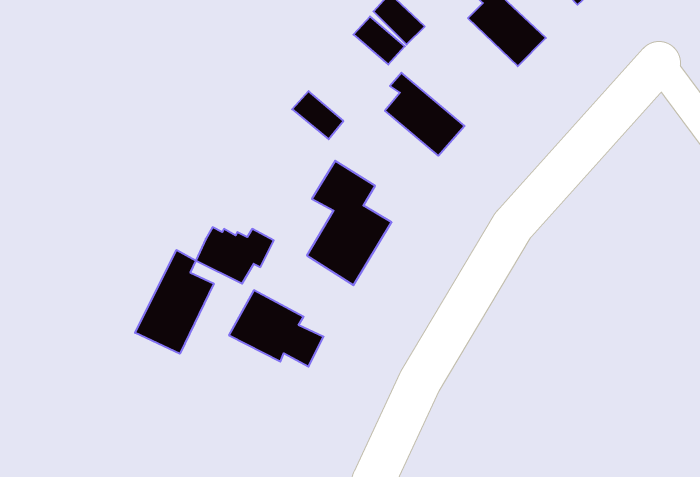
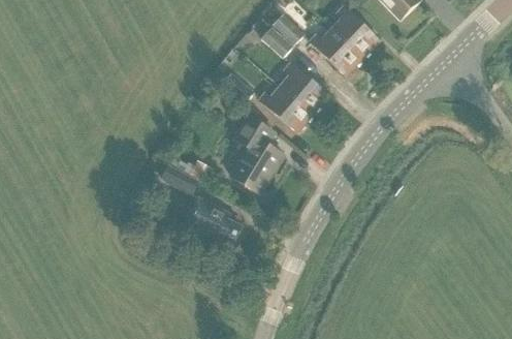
building: none -> [309,27,362,75]
building: none -> [258,85,313,131]
building: [135,250,214,354] -> none

